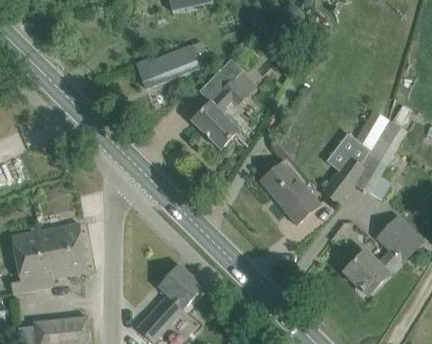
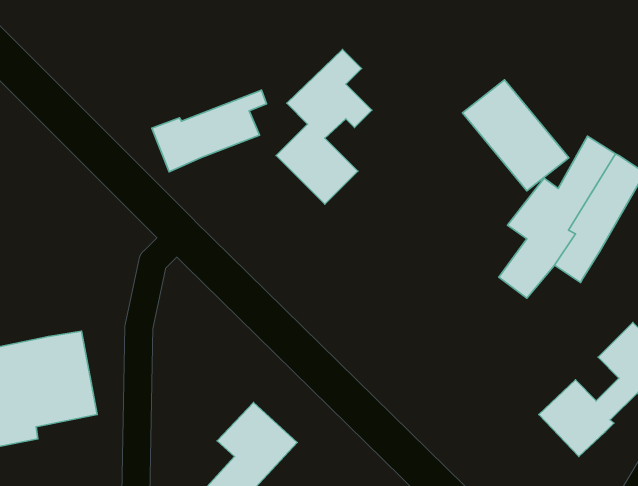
building: [136,40,203,88] -> [152,90,267,172]
building: [259,159,321,224] -> [463,80,569,191]

